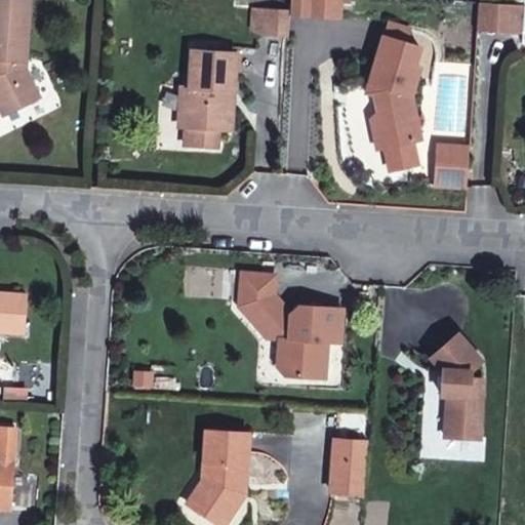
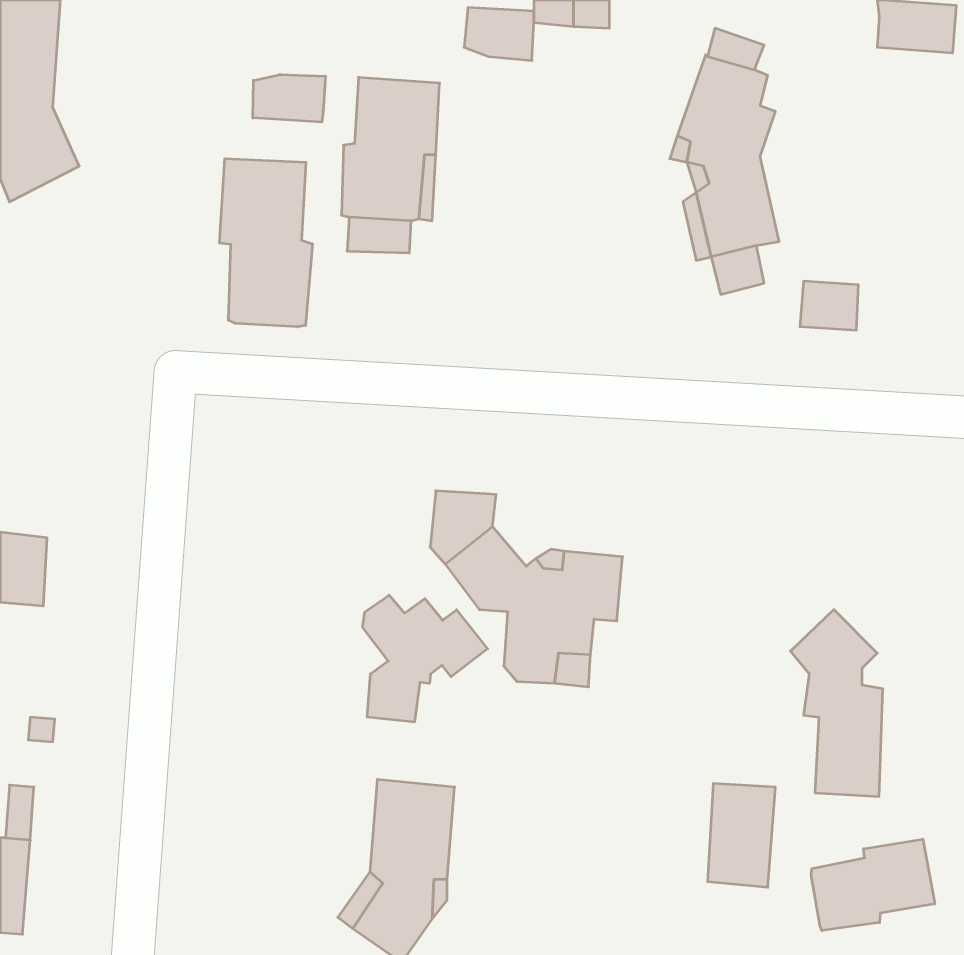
building: none -> [253,74,325,122]
building: none -> [220,159,312,327]
building: none -> [363,595,488,722]
building: [330,440,367,496] -> [708,783,775,887]
building: none -> [811,839,935,931]

